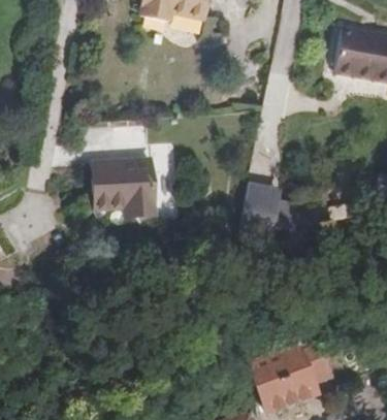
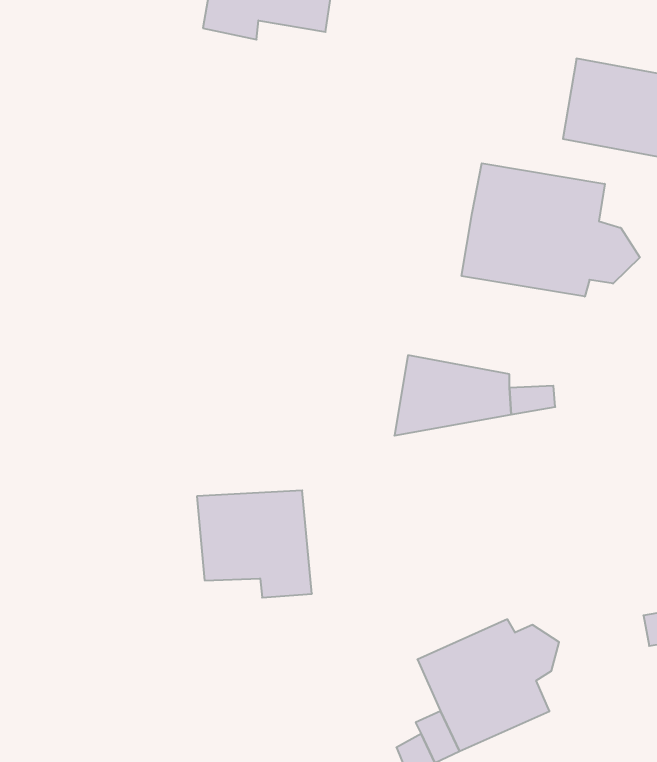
building: none -> [462,163,640,297]
building: [90,166,152,224] -> [197,490,312,598]

